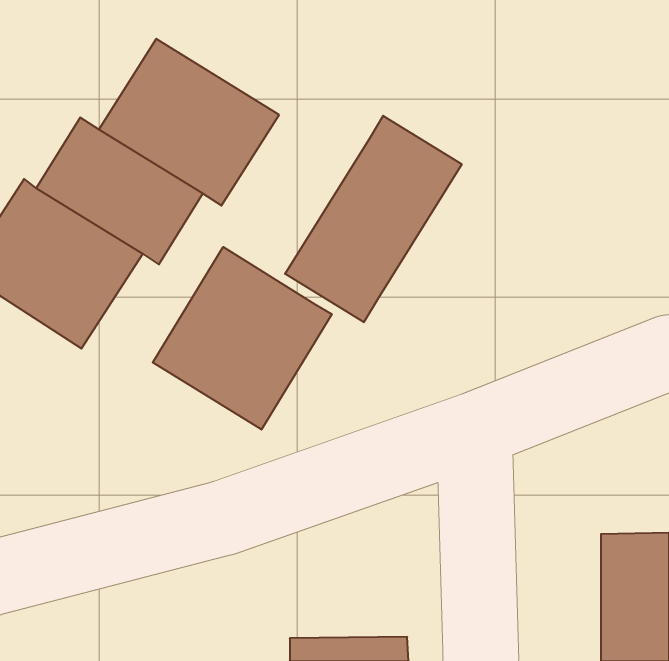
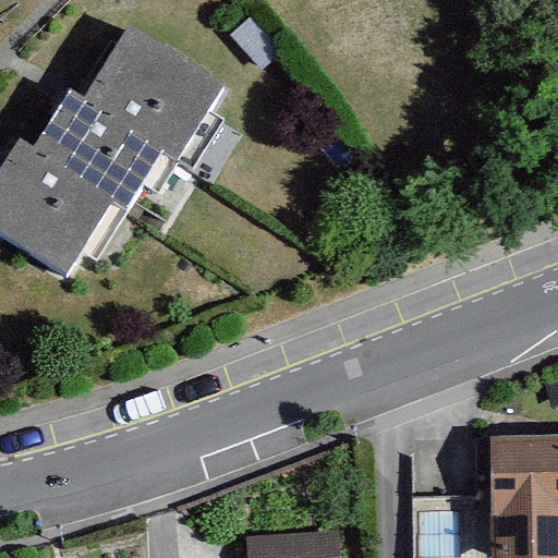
building: [285,116,462,322] -> none
building: [153,247,332,430] -> none

